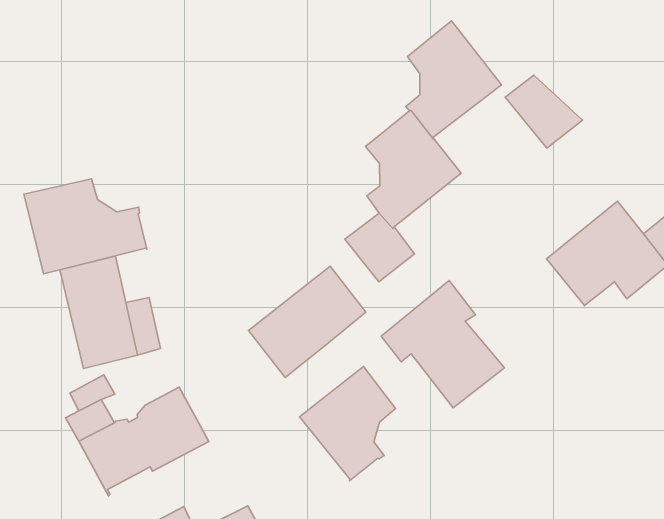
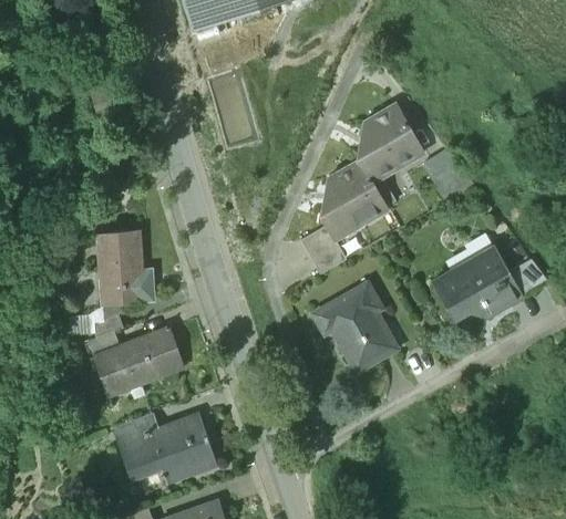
building: [24,179,147,274] -> none
building: [248,266,366,378] -> none
building: [300,366,396,481] -> none

